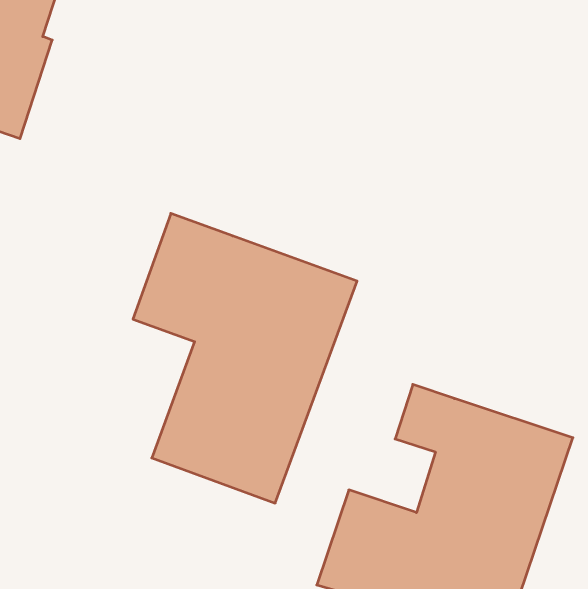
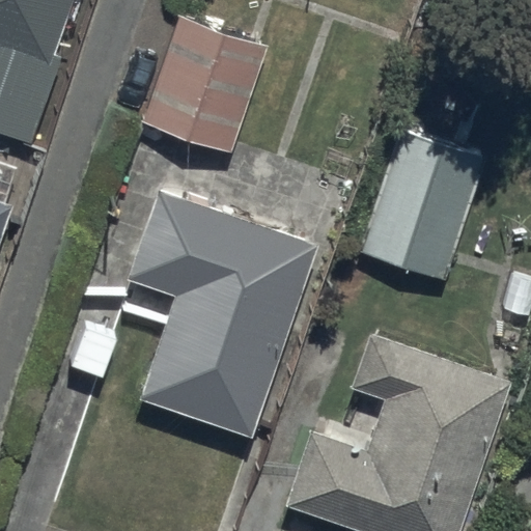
building: none -> [140,15,266,152]
building: none -> [364,133,485,281]

